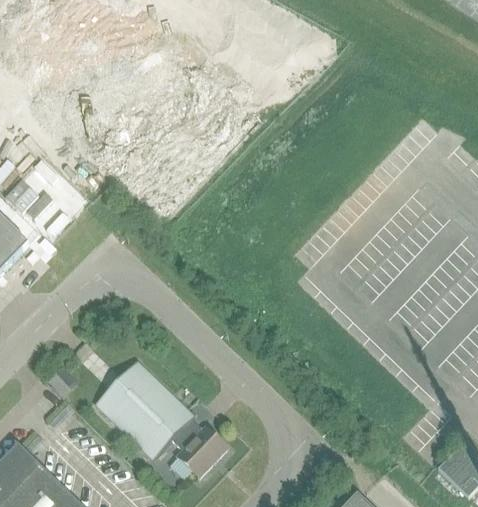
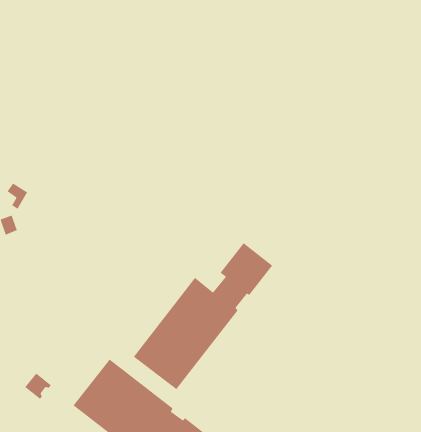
building: none -> [133,242,273,390]

